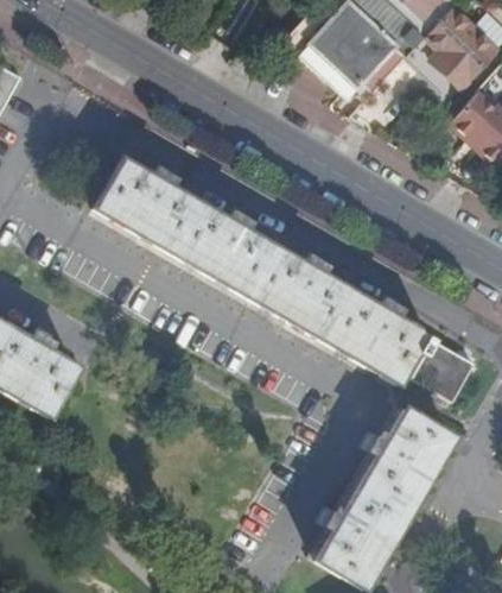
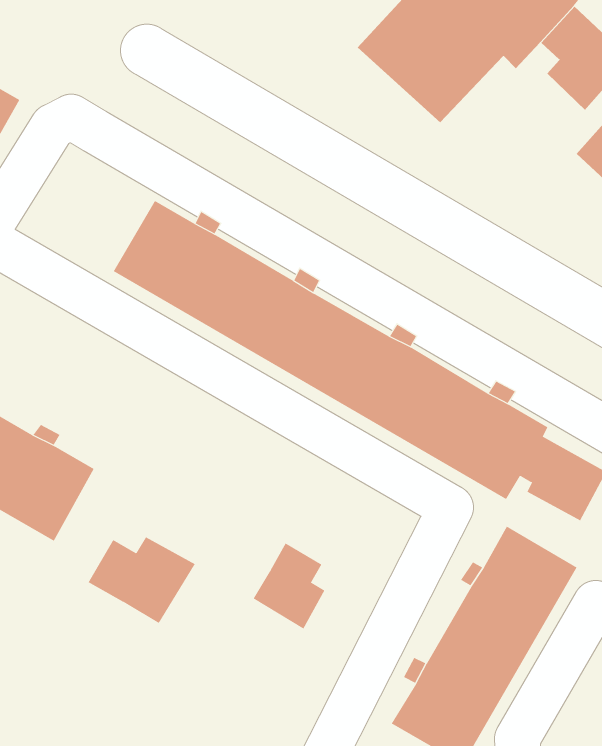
building: none -> [88,536,195,624]
building: none -> [253,543,325,630]

